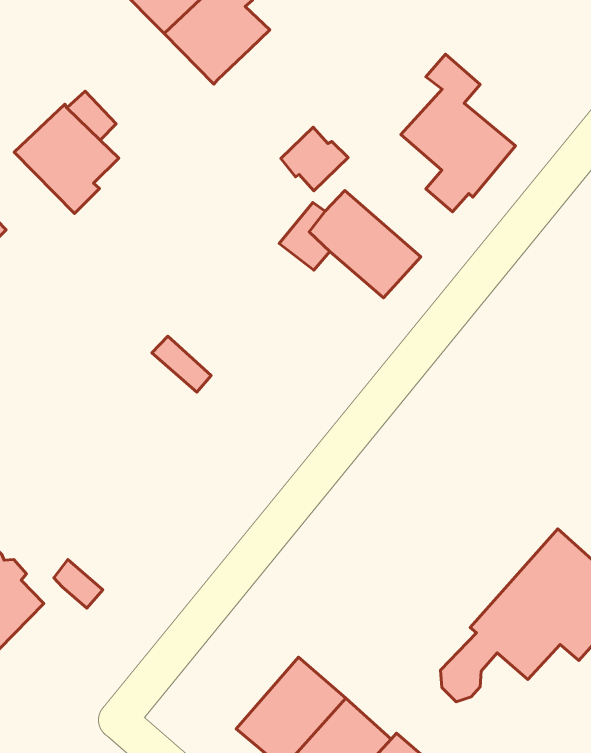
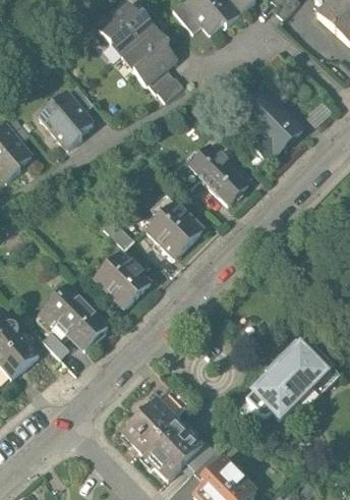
building: [281,127,348,191] -> [144,68,180,102]
building: none -> [142,202,199,258]
building: none -> [91,252,147,308]
building: none -> [36,284,104,348]

